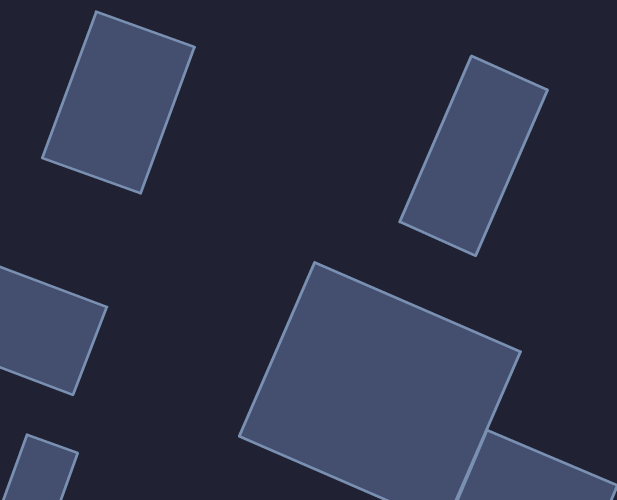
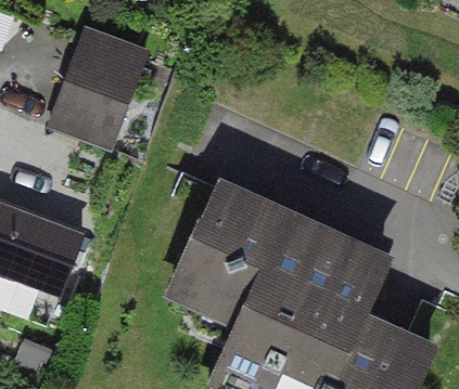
building: [400,56,547,256] -> none

